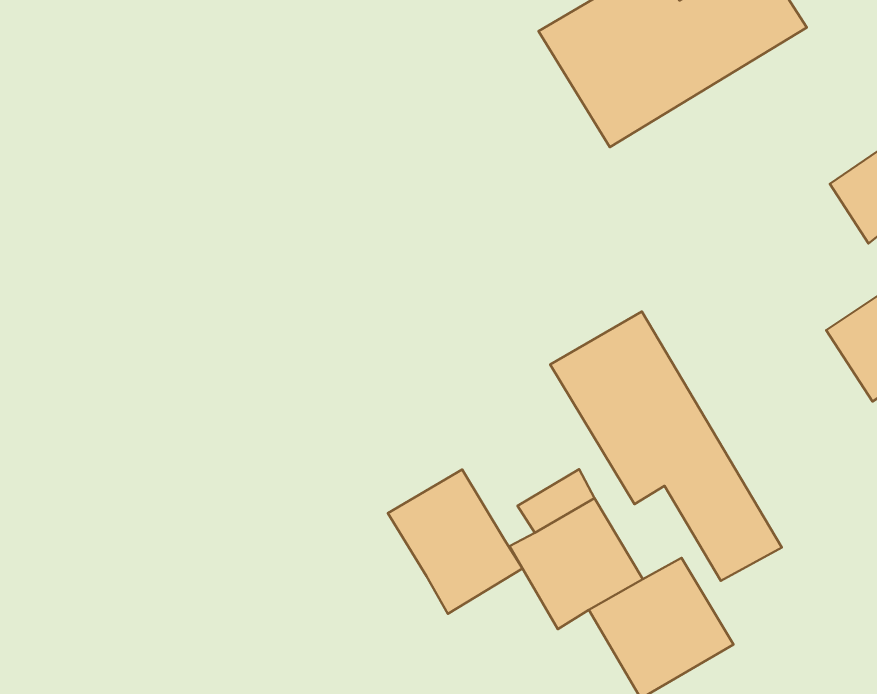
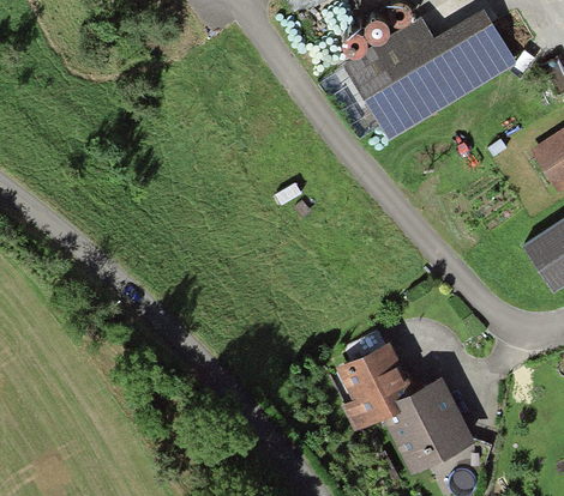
building: [550,311,782,581] -> none
building: [388,470,523,614] -> none

